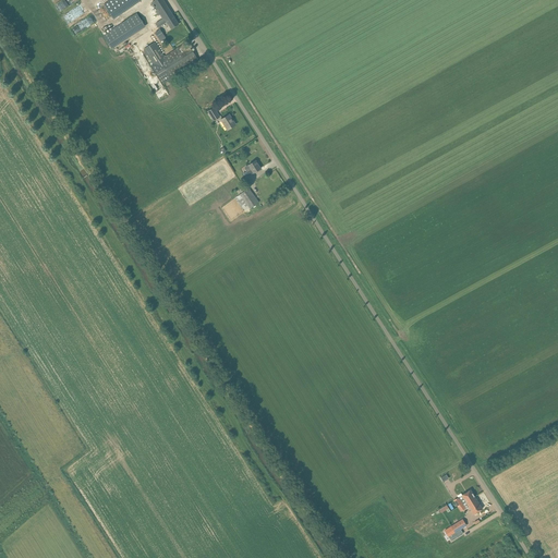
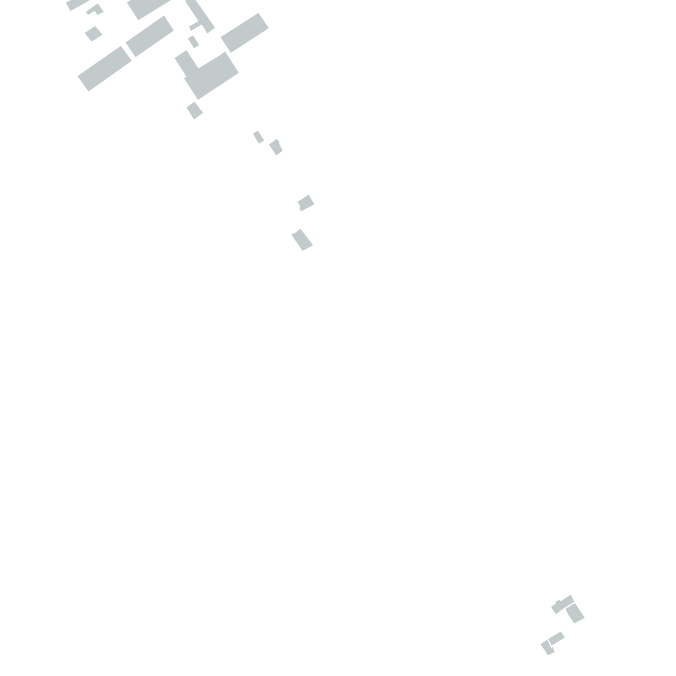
building: none -> [220,12,270,54]
building: none -> [76,45,133,92]

